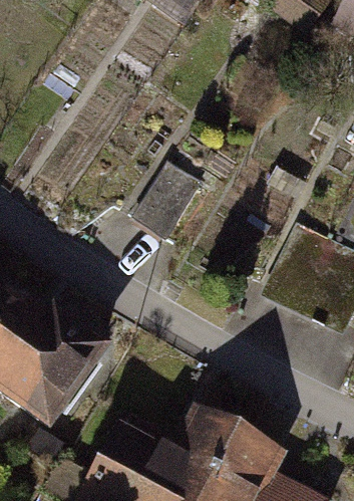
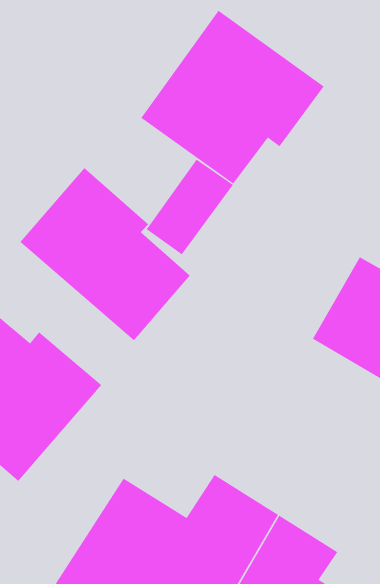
building: none -> [141,10,324,185]
building: none -> [19,167,191,341]

